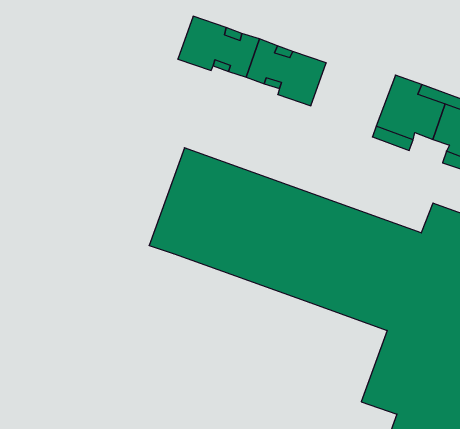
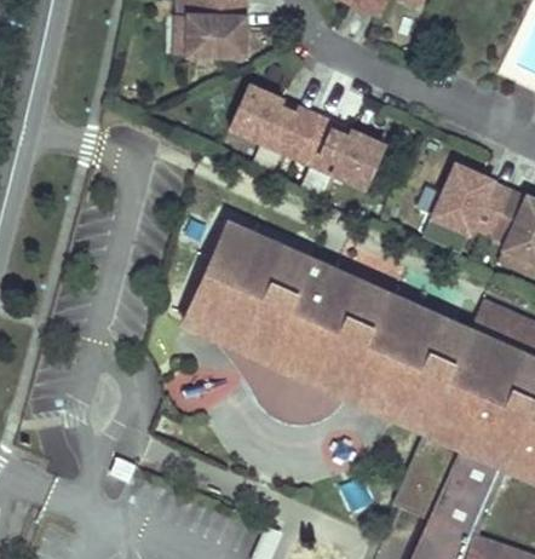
building: none -> [209,333,347,423]

